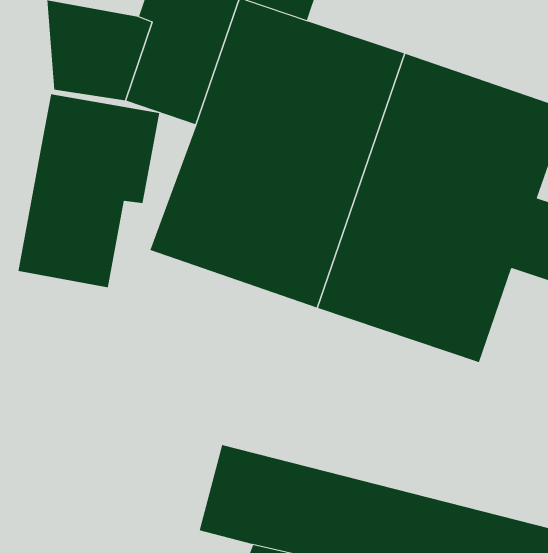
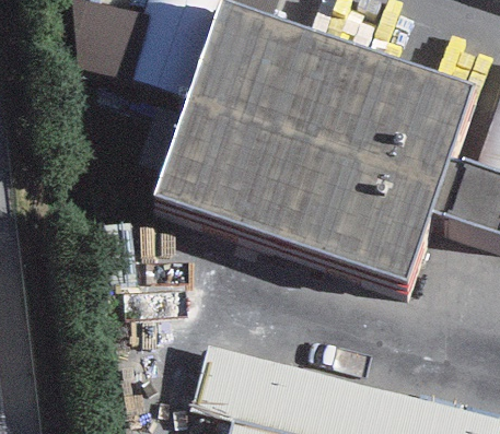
building: [18,93,160,288] -> none

